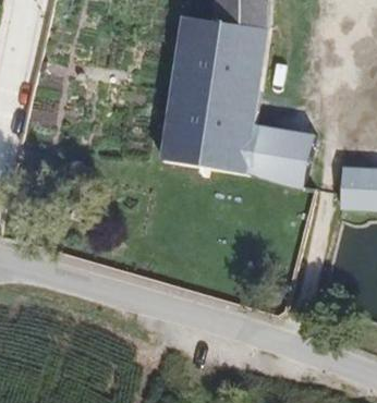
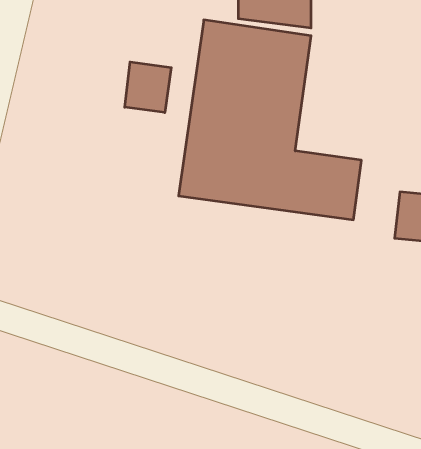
building: none -> [125,62,171,113]

